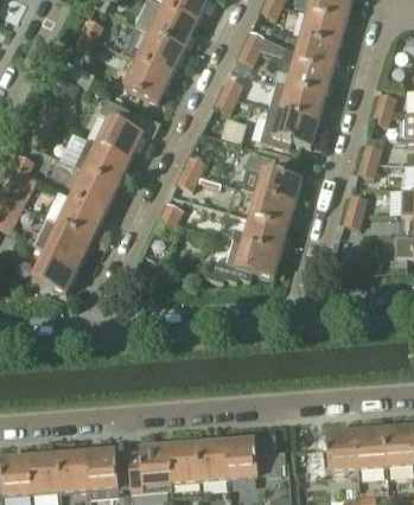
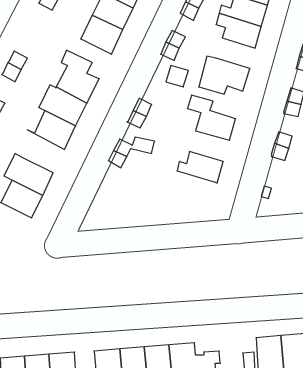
building: [279,85,324,121] -> none
building: [53,192,103,242] -> none
building: [248,193,294,229] -> none
building: [205,239,280,282] -> none

